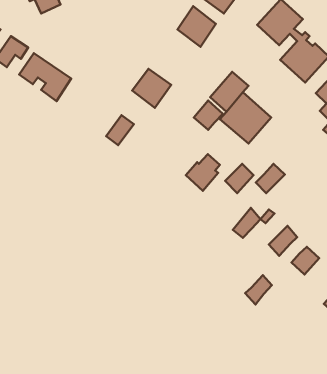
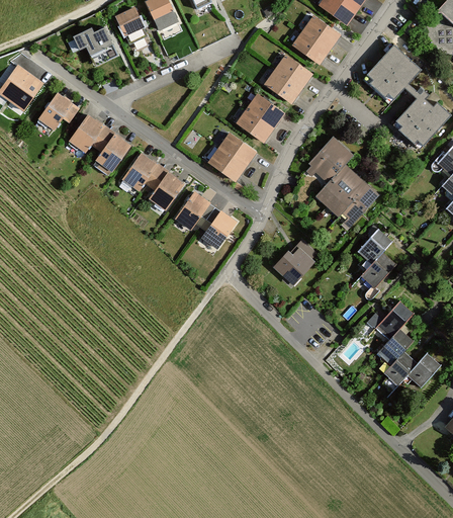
building: none -> [237,94,283,144]
building: none -> [120,151,183,209]
building: [194,100,223,130] -> none
building: none -> [201,209,238,248]
building: [225,164,253,193] -> [356,228,391,264]
building: [233,208,261,238] -> [377,301,412,339]
building: [245,275,272,305] -> [382,350,416,386]

